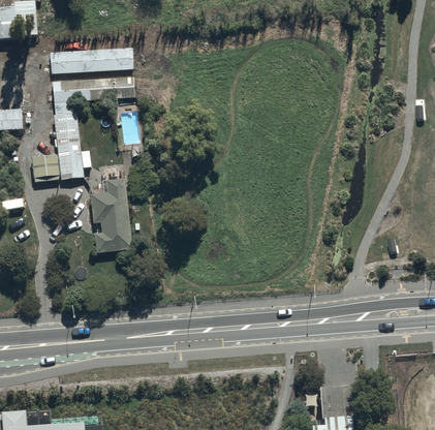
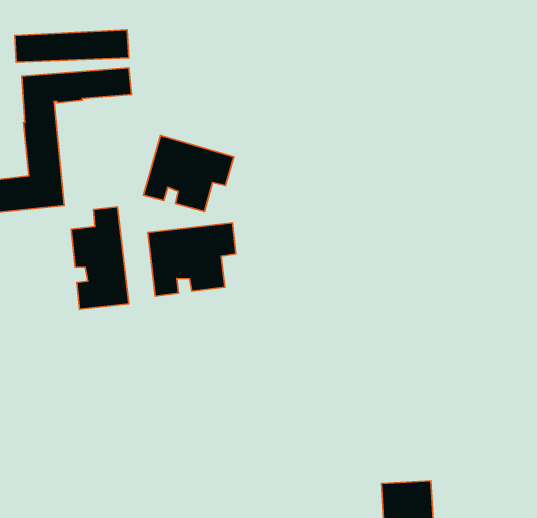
building: none -> [143,136,234,212]
building: none -> [148,223,236,296]

